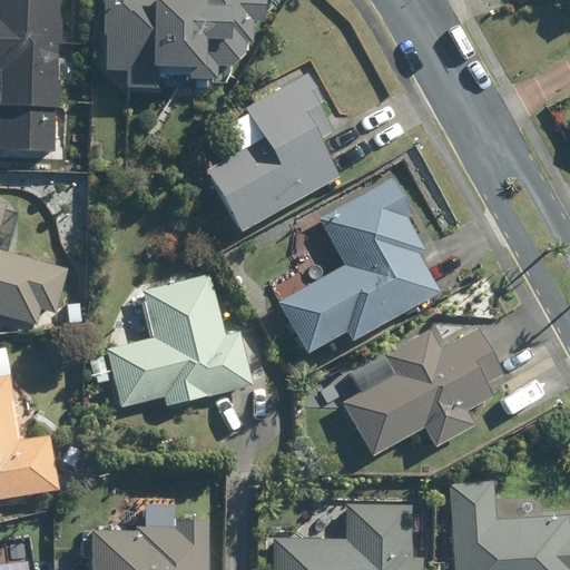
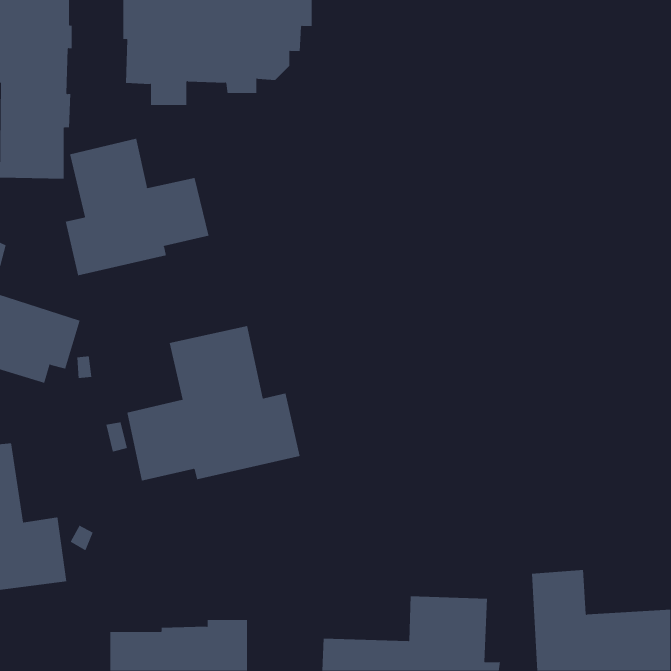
building: [206,75,340,234] -> none
building: none -> [65,138,209,276]
building: [278,178,441,355] -> none
building: [342,327,504,458] -> none

